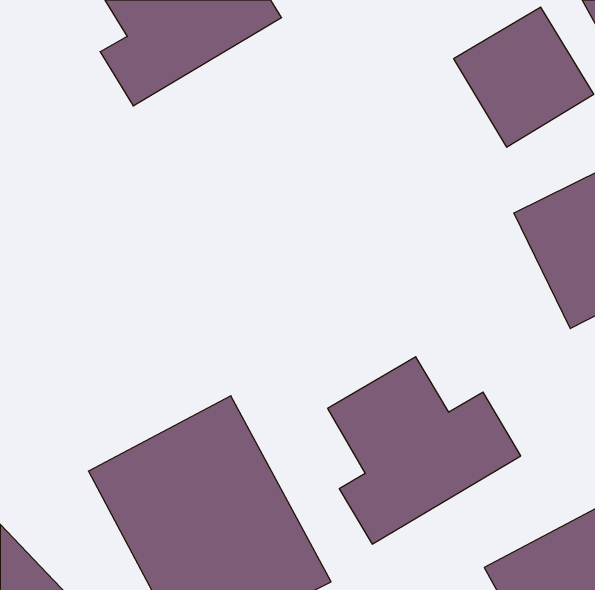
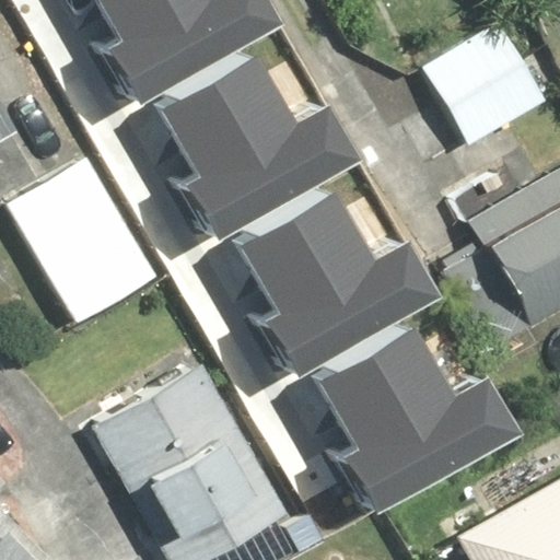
building: none -> [160,61,340,235]
building: none -> [15,149,160,306]
building: none -> [240,202,419,375]

